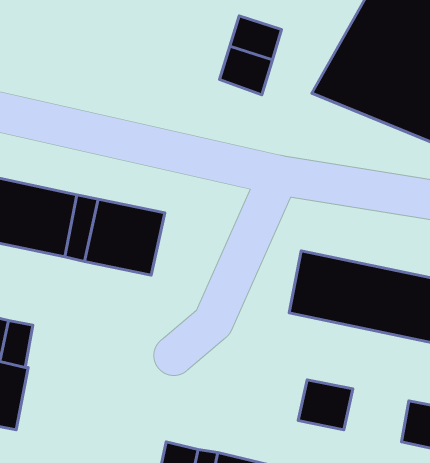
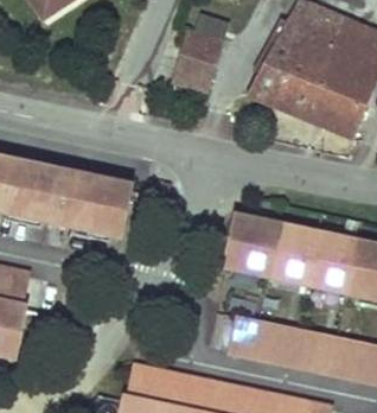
building: none -> [271,324,322,366]

